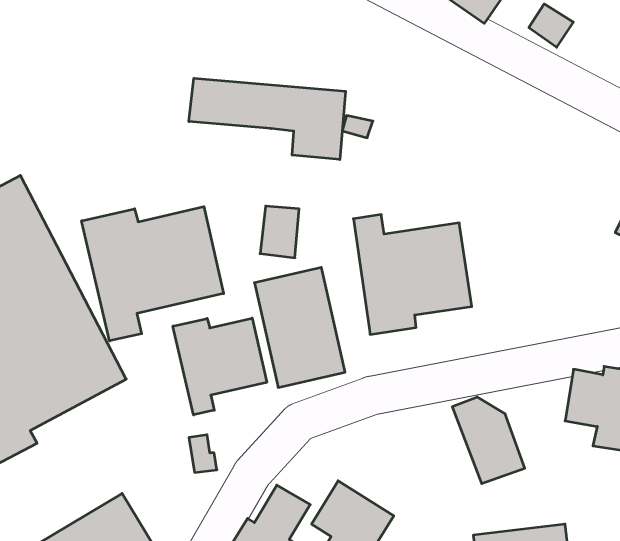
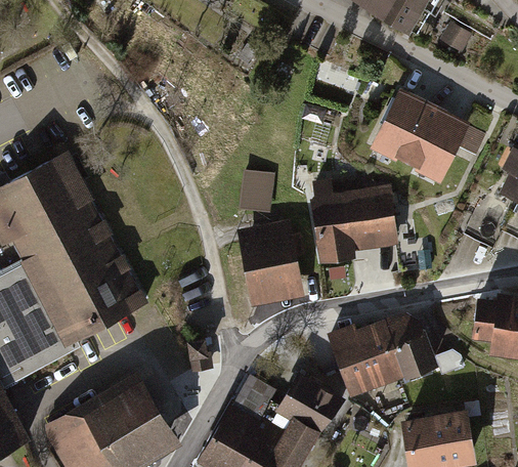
building: [189,78,346,160] -> none
building: none -> [371,94,473,192]
building: [82,207,224,341] -> none
building: [173,318,267,415] -> none
building: none -> [327,321,404,397]

